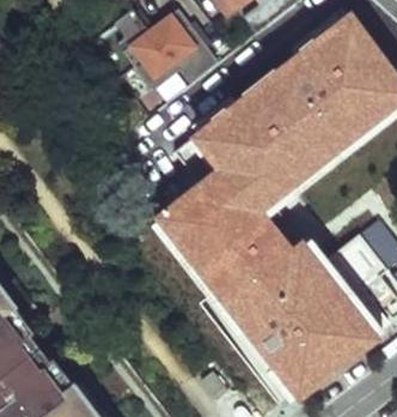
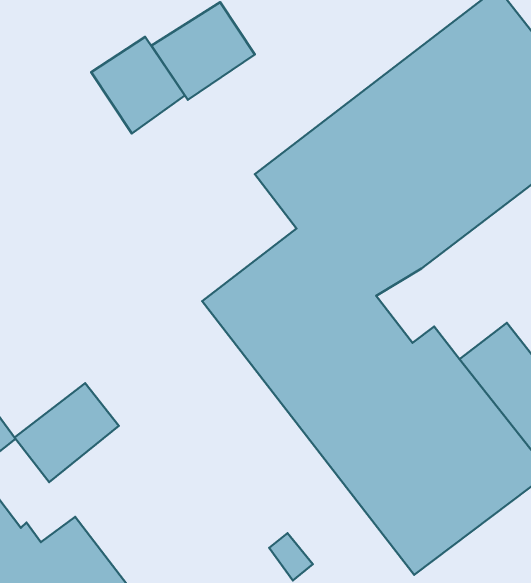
building: none -> [91,37,185,134]
building: none -> [14,383,119,482]

